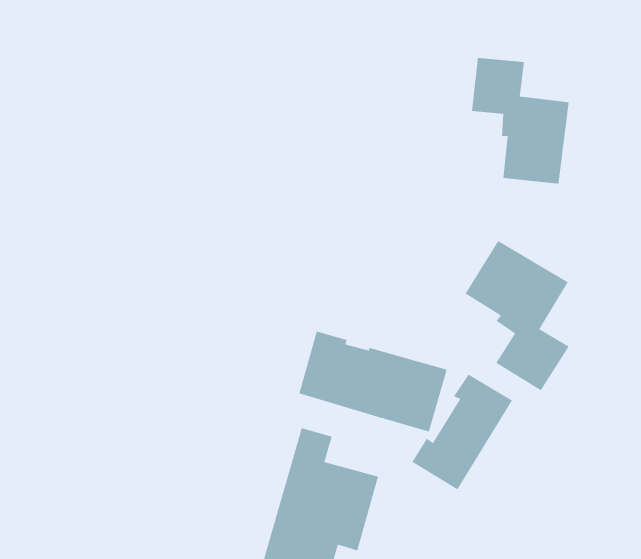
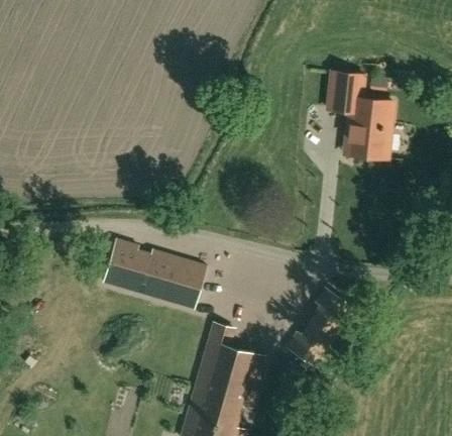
building: [465,240,570,391] -> none
building: [298,331,447,432] -> [105,239,206,308]

